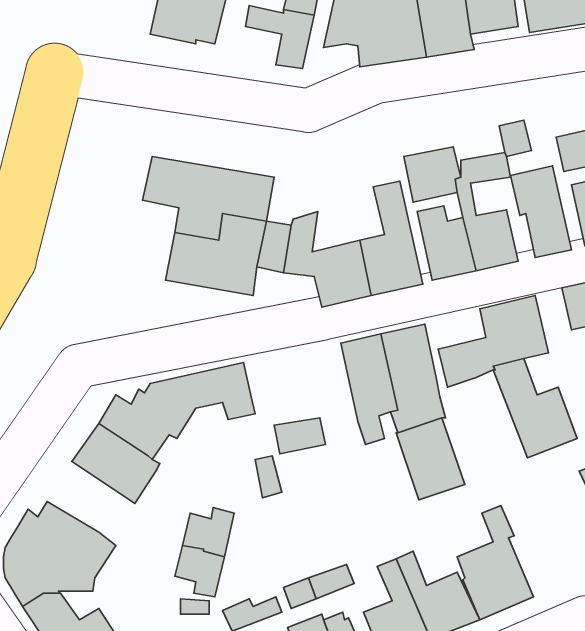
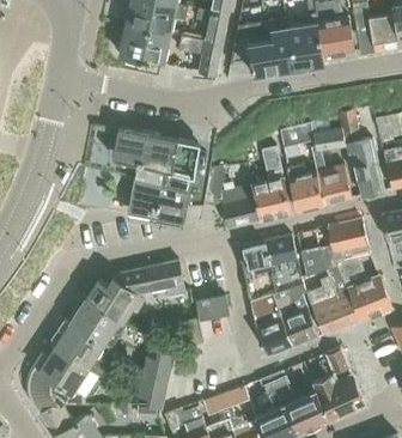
building: none -> [305,264,357,335]
building: none -> [255,318,288,354]
building: none -> [55,322,117,381]

